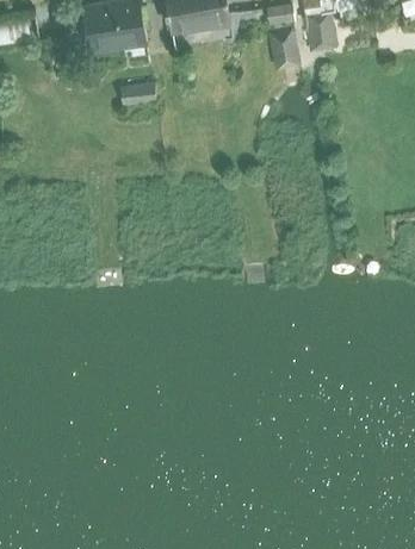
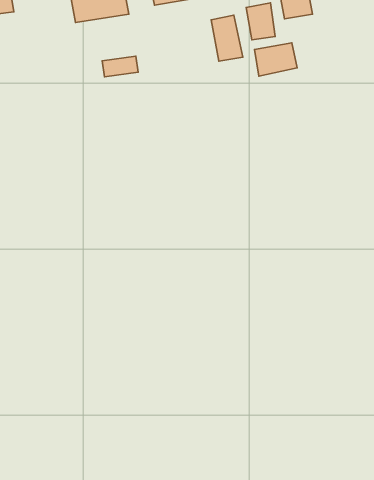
building: none -> [211,15,243,61]
building: none -> [254,43,297,76]

